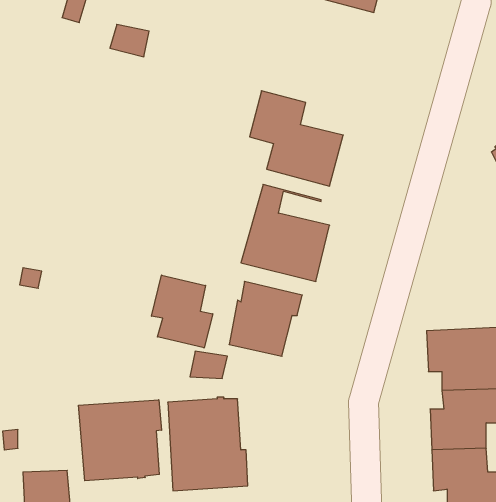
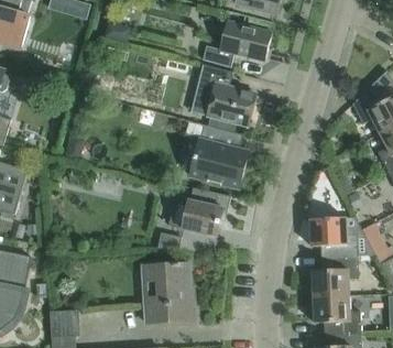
building: none -> [203,20,272,66]
building: [152,275,213,348] -> none
building: [79,400,162,481] -> none

